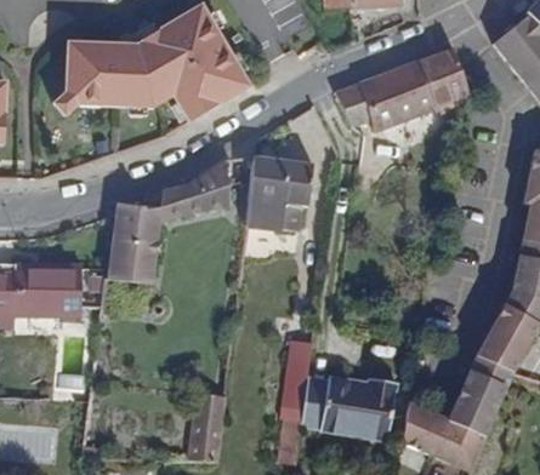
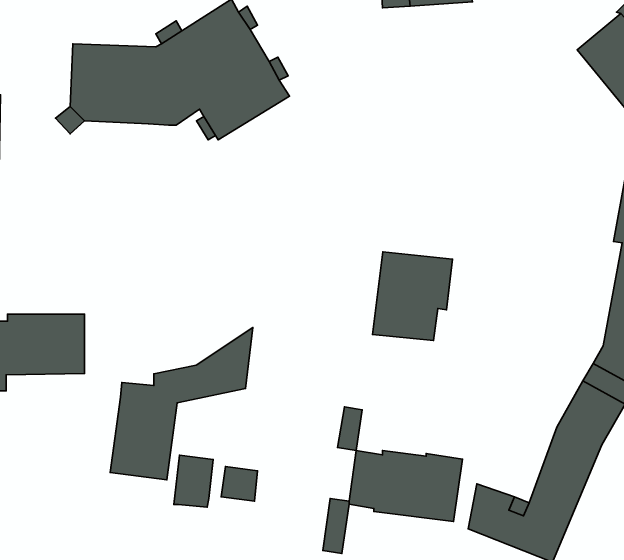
building: [332,47,467,128] -> none
building: [106,156,224,284] -> [110,327,253,480]
building: [245,156,312,230] -> [372,252,452,340]
building: [188,417,221,460] -> [174,455,213,507]

